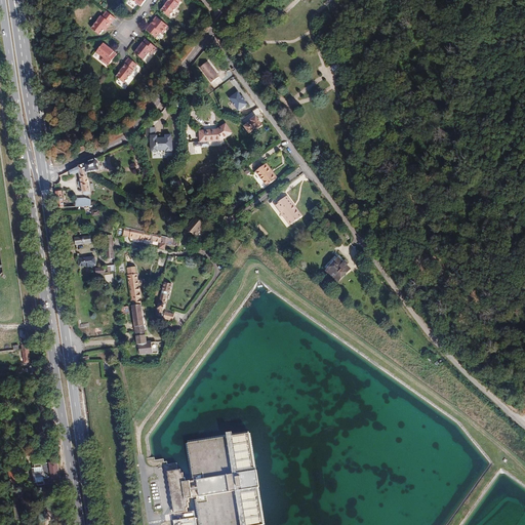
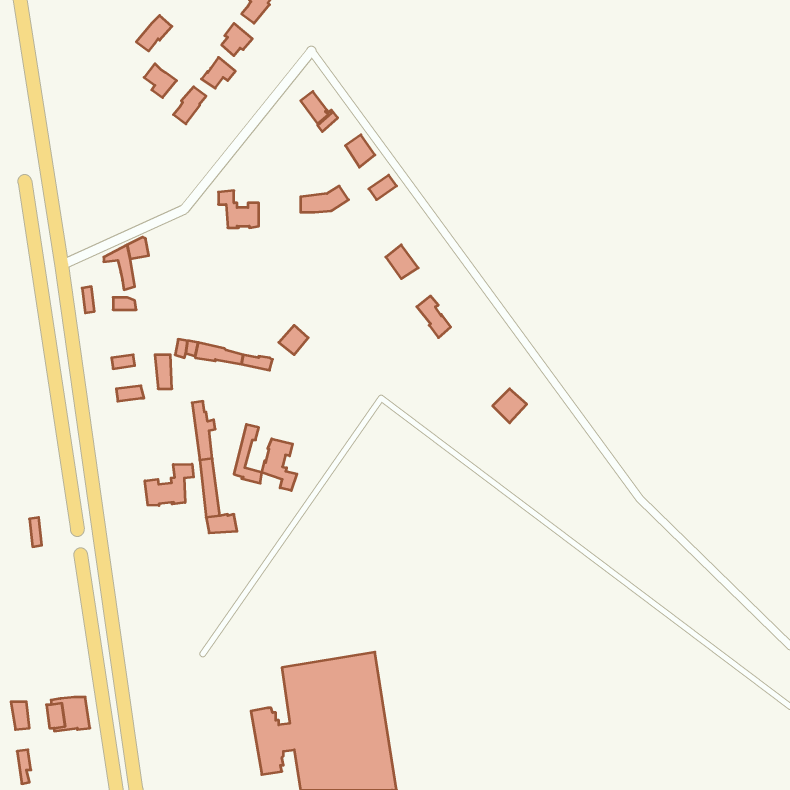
building: none -> [262,439,297,491]
building: none -> [145,464,194,506]

